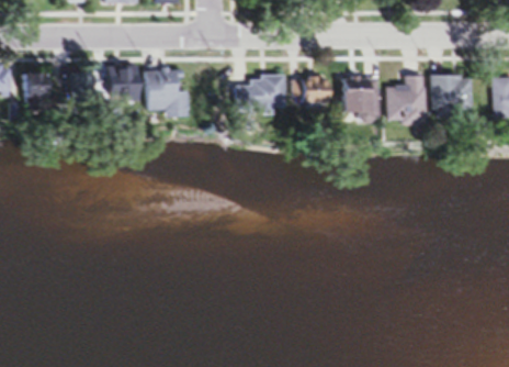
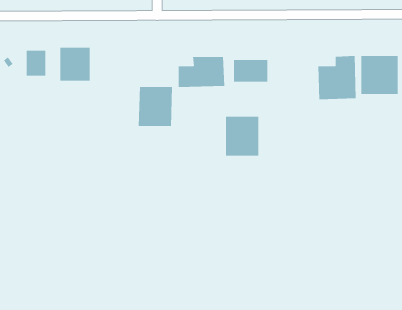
building: [145,68,182,111] -> [138,86,173,126]
building: [340,78,376,121] -> [225,116,259,156]

